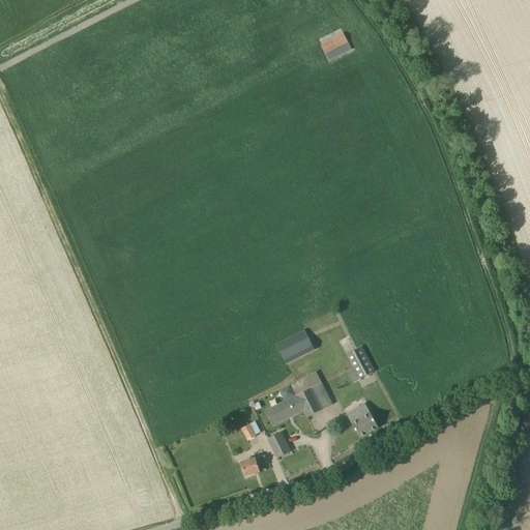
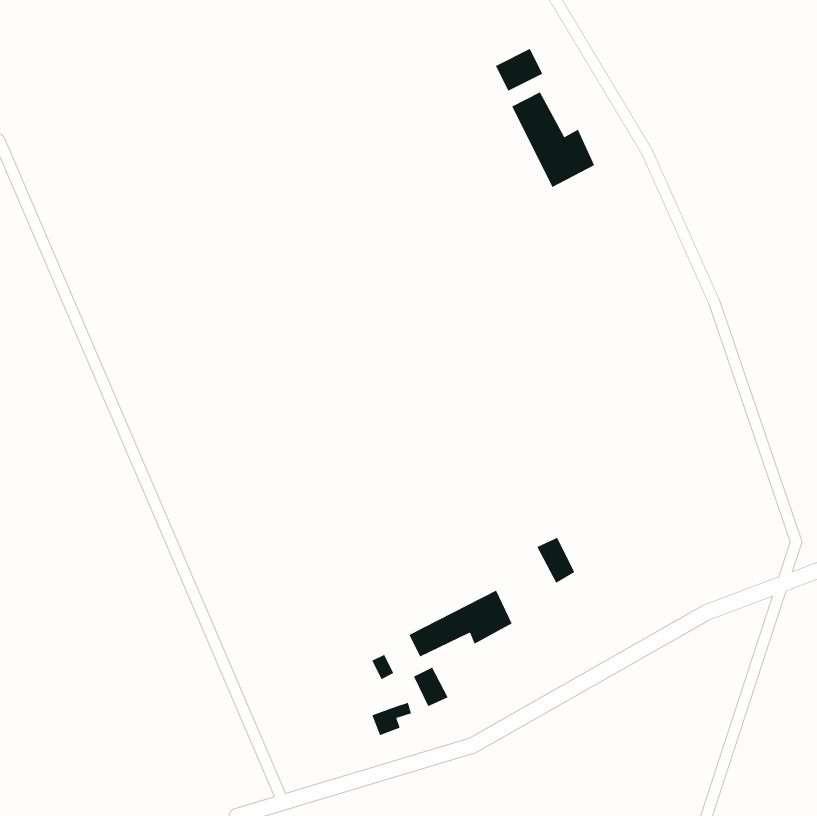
building: none -> [511,91,595,188]
building: [275,328,314,362] -> none
building: [346,403,377,436] -> none

